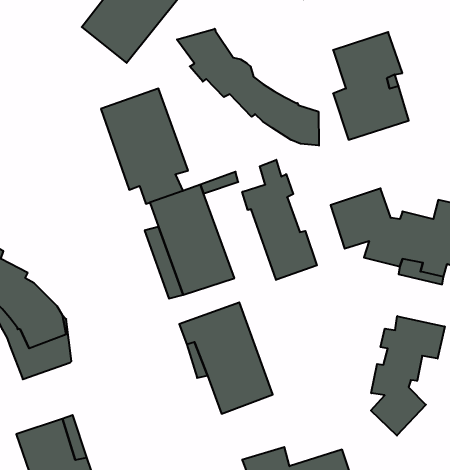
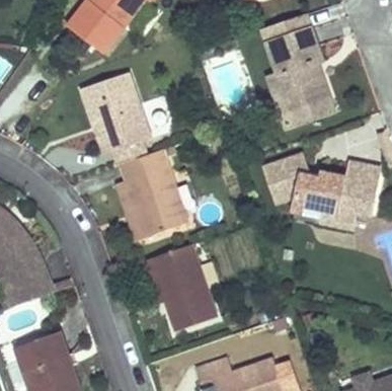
building: [177,29,319,146] -> none
building: [242,160,317,280] -> none
building: [371,316,445,436] -> none

